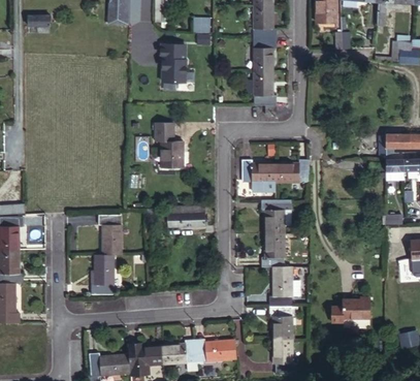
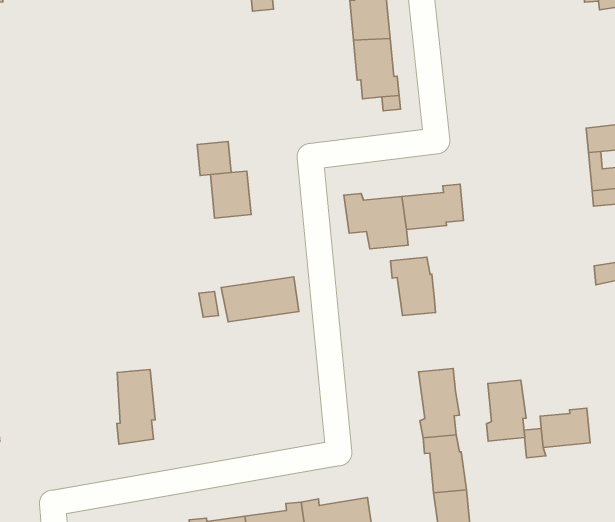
building: [161,44,187,83] -> none
building: [100,211,123,251] -> none
building: [263,233,287,267] -> [487,380,526,441]

